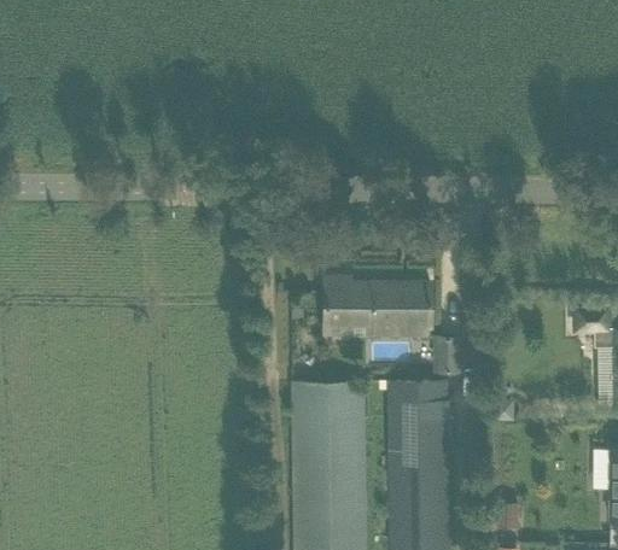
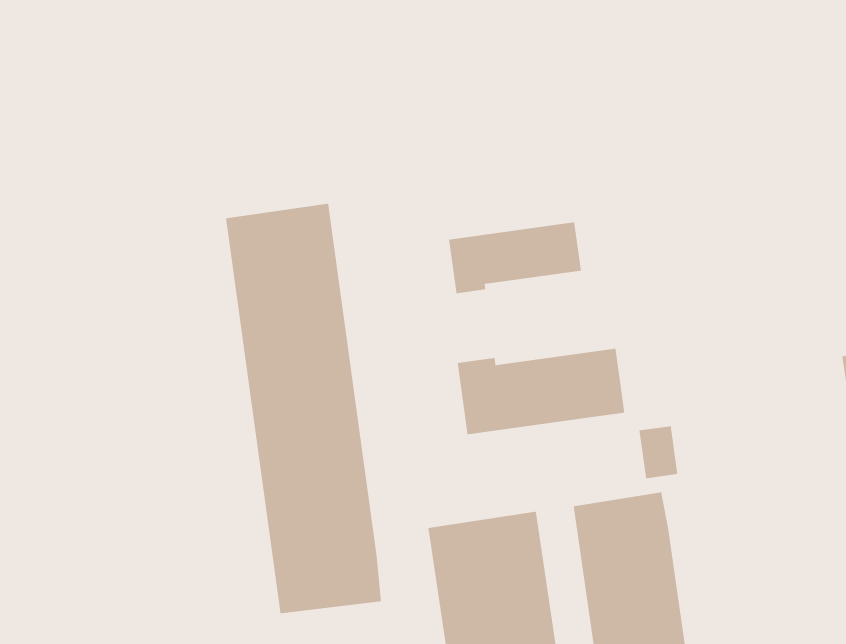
building: none -> [225,203,382,614]
building: none -> [448,222,582,294]

